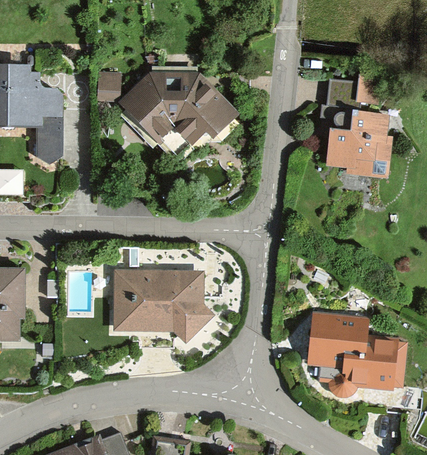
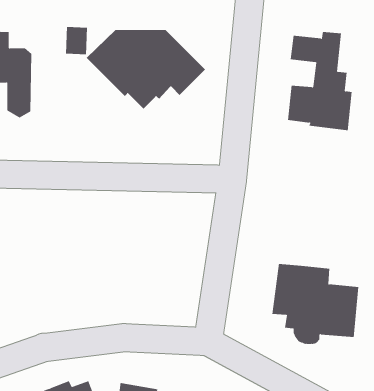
building: [113,270,213,343] -> none

